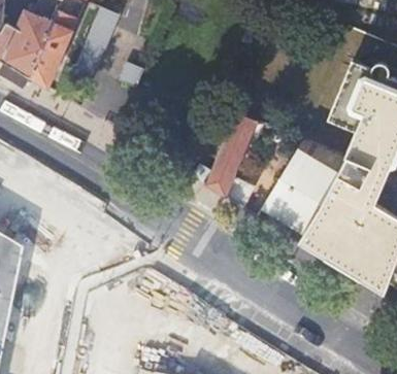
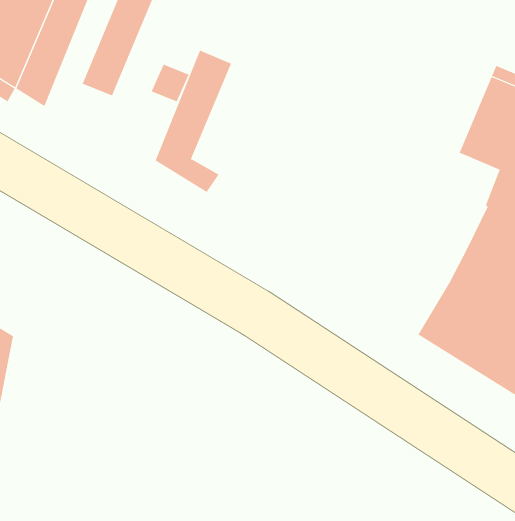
building: [205,109,257,205] -> [155,50,232,193]
building: [257,141,343,243] -> none

